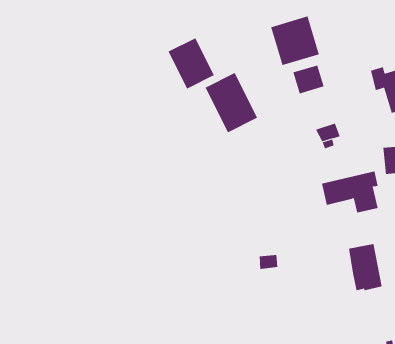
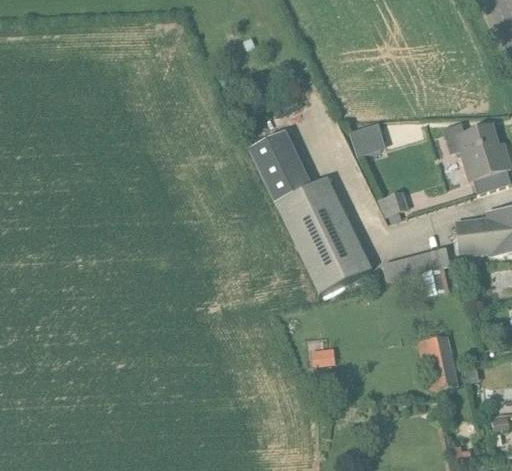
building: [271,16,319,66] -> none
building: [168,37,215,89] -> none
building: none -> [275,176,372,293]

